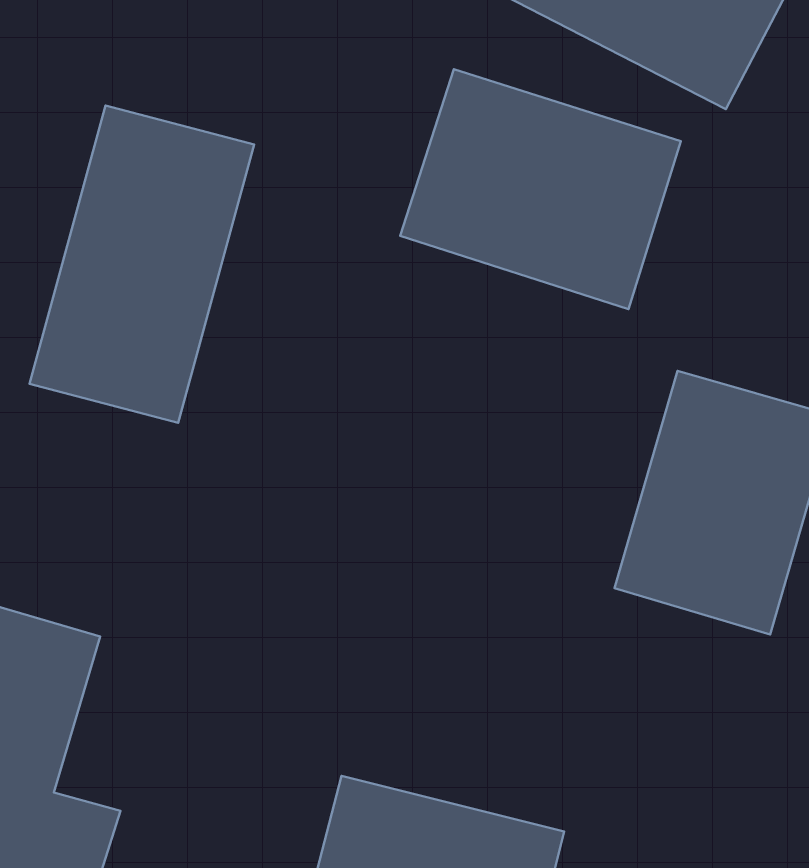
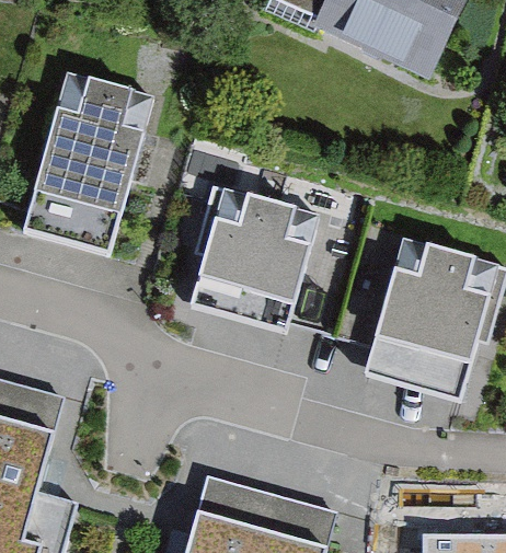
building: [400,69,681,309] -> none
building: none -> [186,185,318,327]

